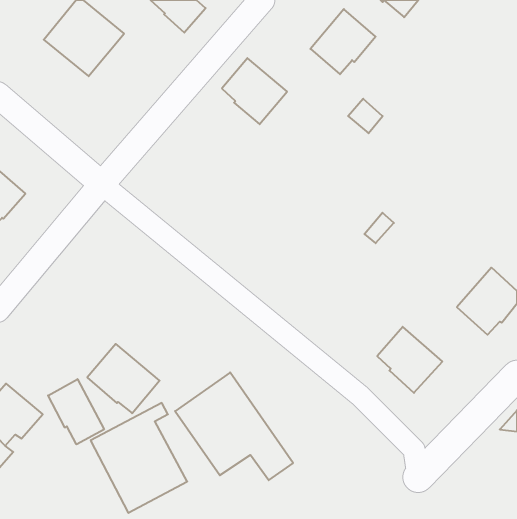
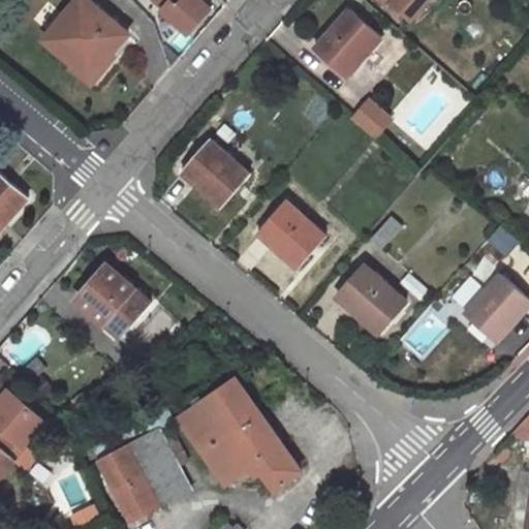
building: [222,58,287,124] -> [183,139,249,207]
building: none -> [257,200,324,269]
building: [377,327,442,393] -> [338,267,404,334]
building: [87,344,160,413] -> [74,267,148,337]
building: [48,379,104,444] -> none

